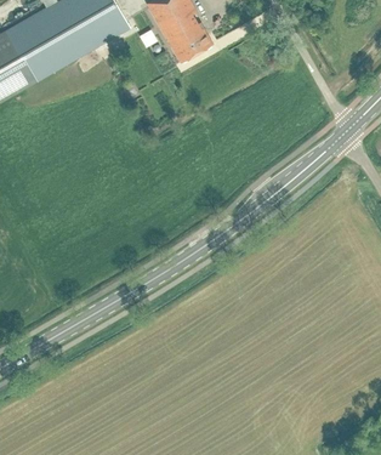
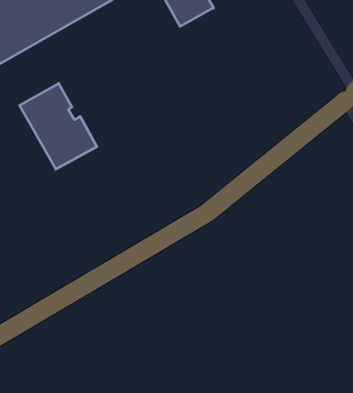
building: none -> [20,83,97,169]

